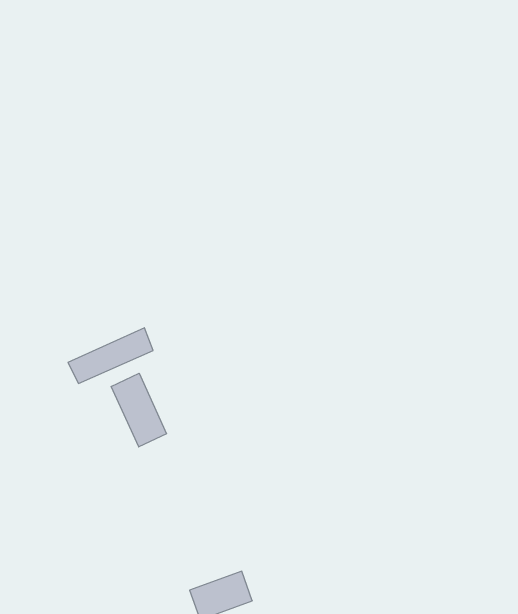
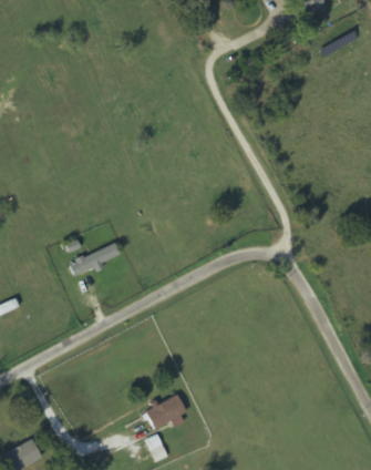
building: [111,373,167,447] -> none

